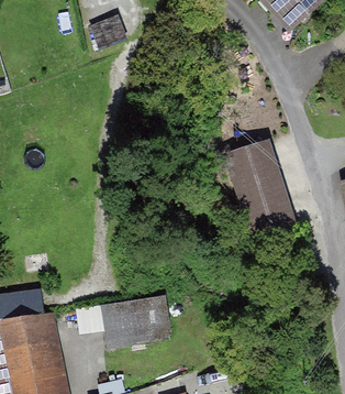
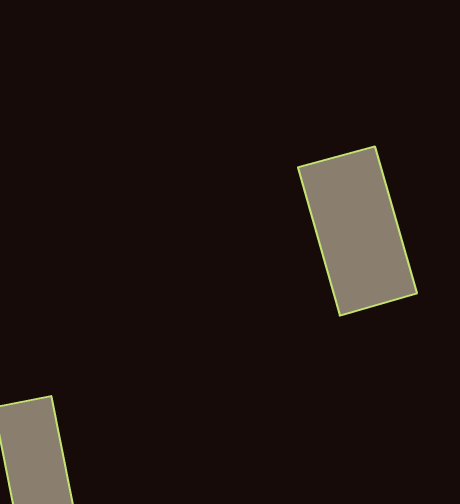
building: [100,294,170,344] -> none

